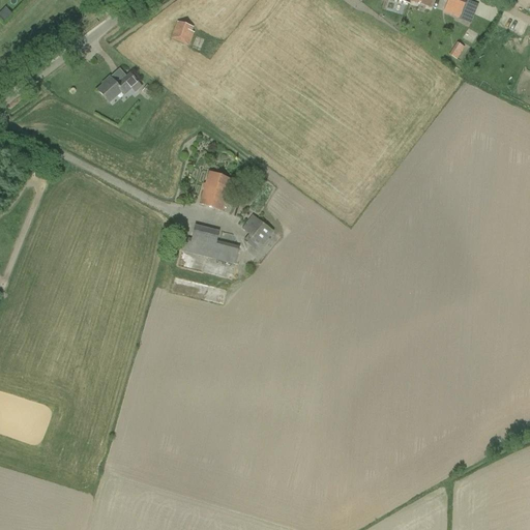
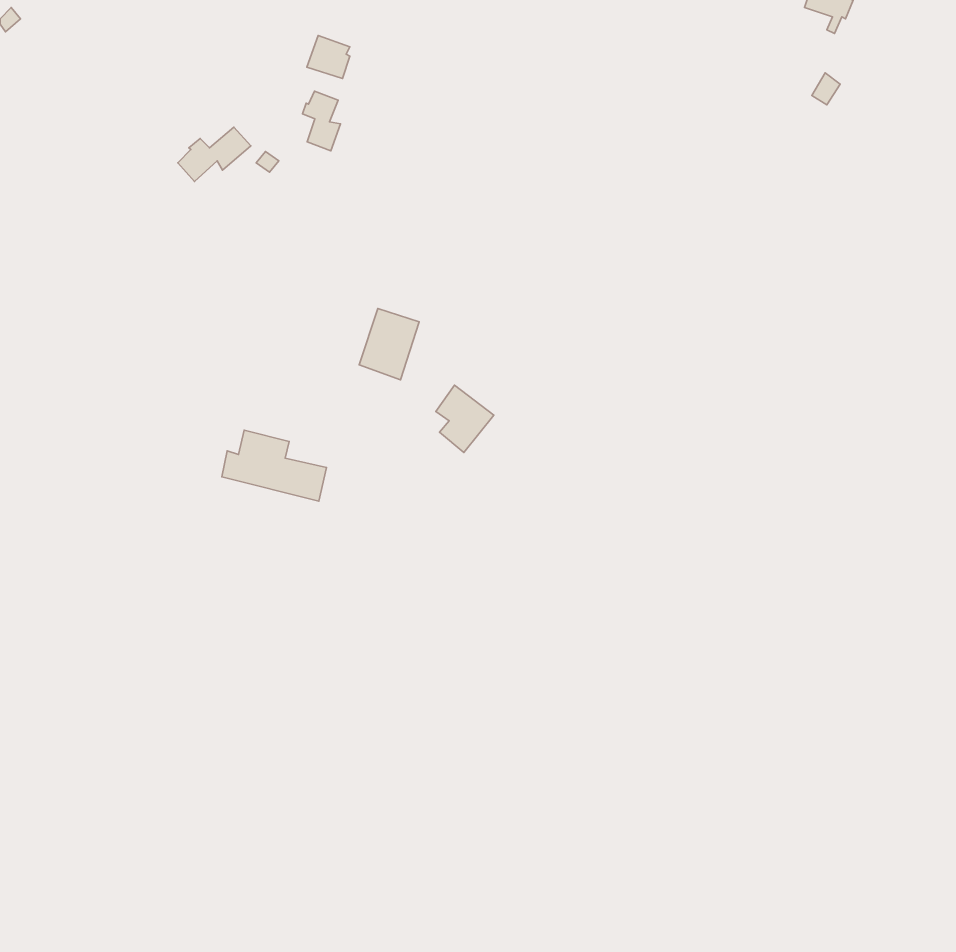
building: none -> [303,91,340,151]
building: [181,224,239,263] -> [222,430,326,501]

